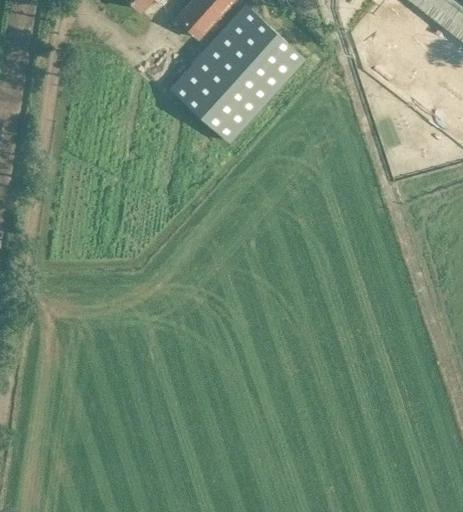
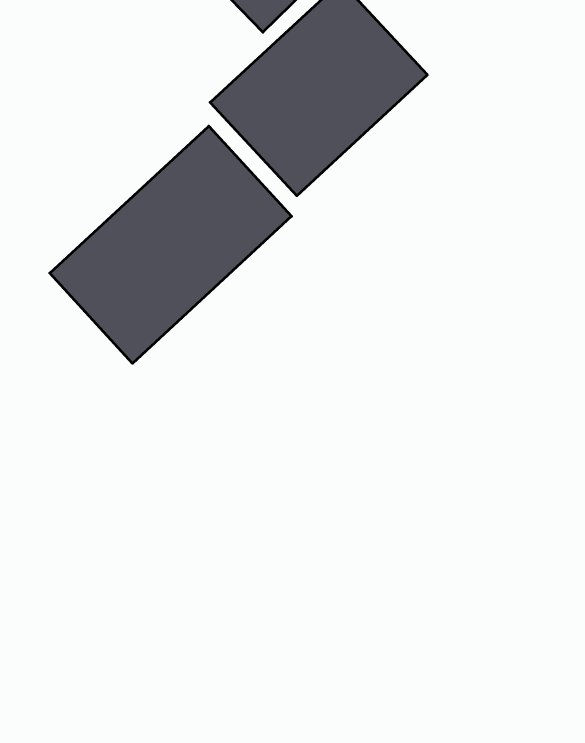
building: none -> [50,126,292,363]

